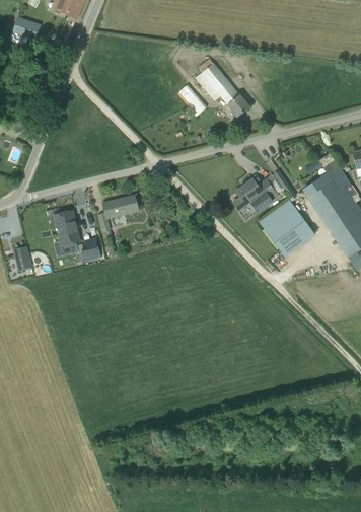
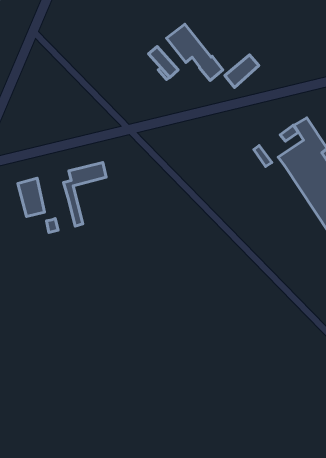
building: none -> [225,55,259,88]
building: [233,177,279,219] -> none
building: [260,200,315,257] -> none

